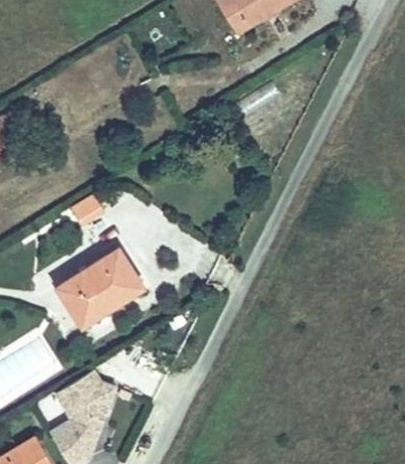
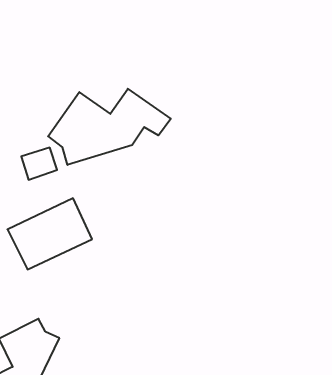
building: none -> [48,89,171,165]

